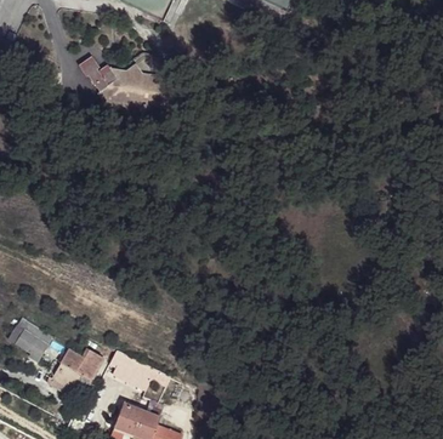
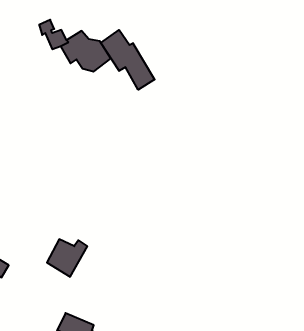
building: none -> [101,30,155,90]
building: [49,350,97,395] -> [47,239,87,277]

